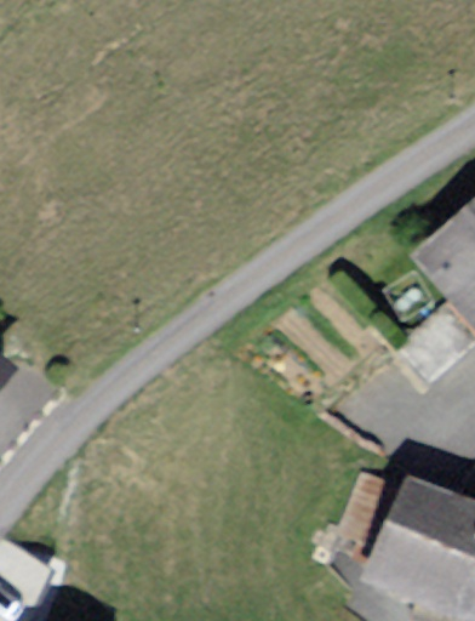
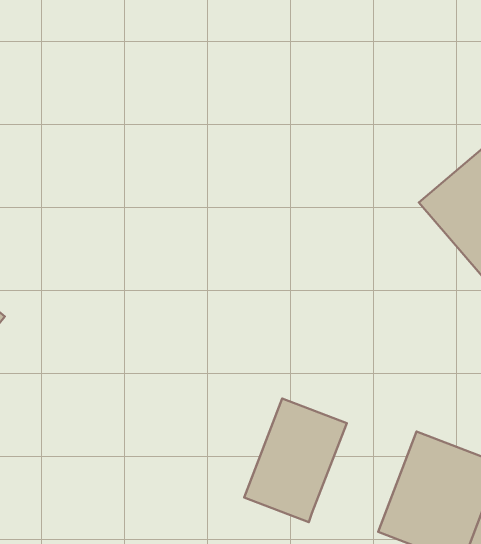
building: none -> [244,398,347,522]

